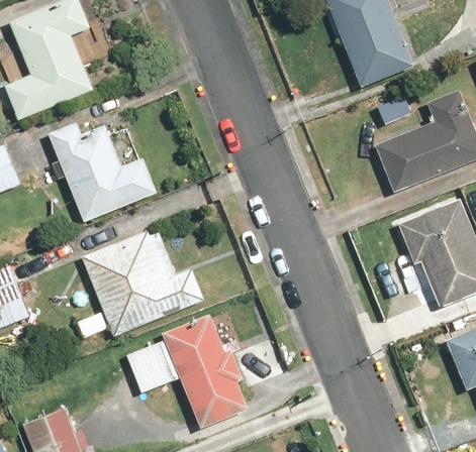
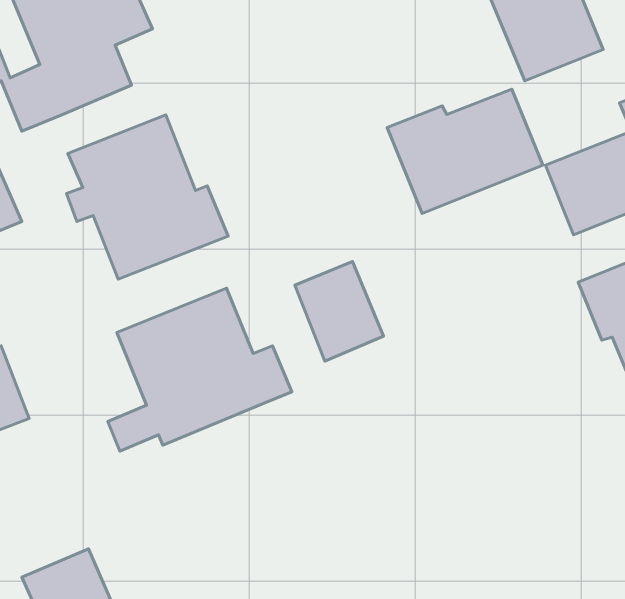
building: none -> [387,89,543,214]
building: none -> [295,261,383,361]
building: [126,315,249,428] -> none

